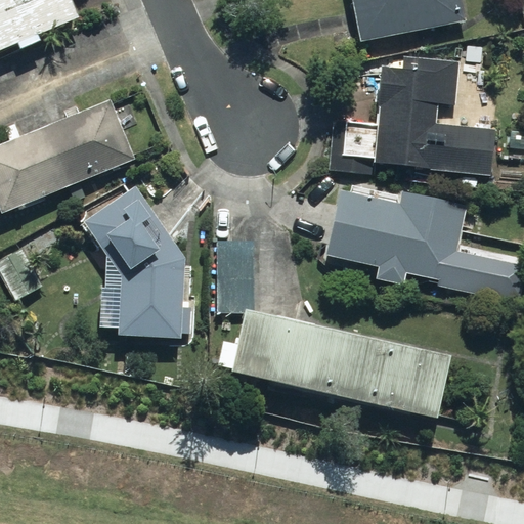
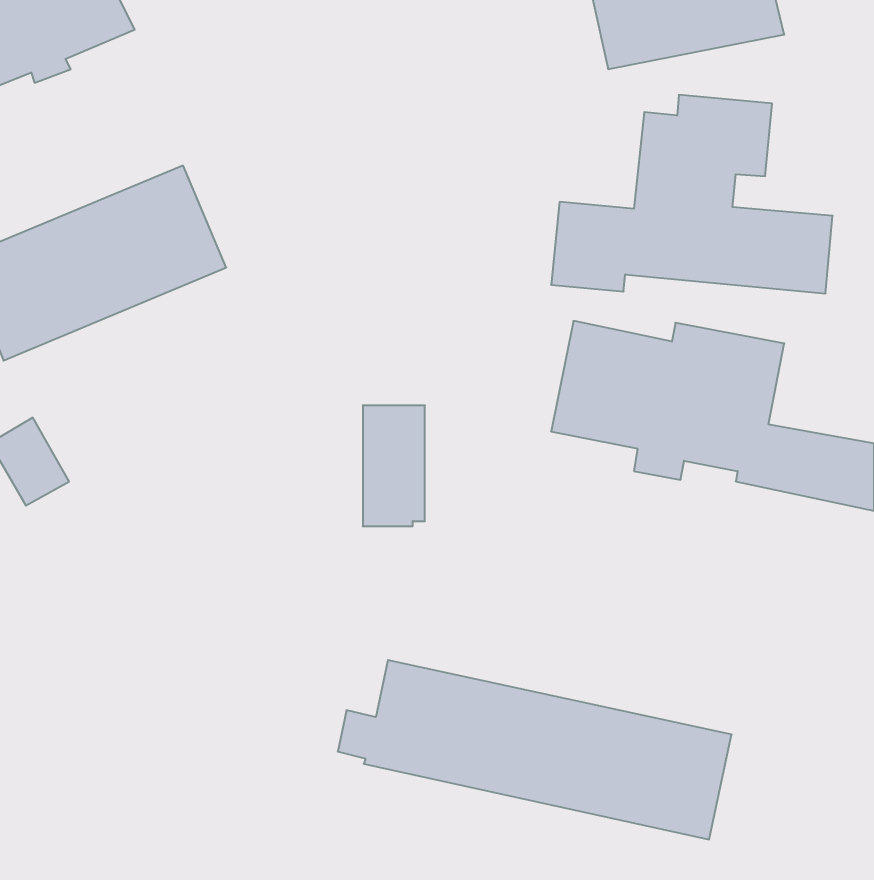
building: [84,186,185,338] -> none
building: [218,311,451,418] -> [338,660,732,840]

